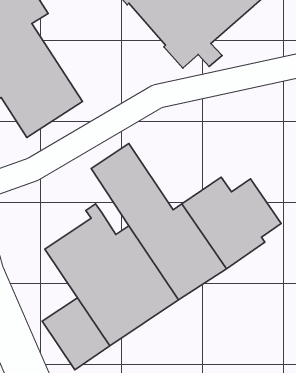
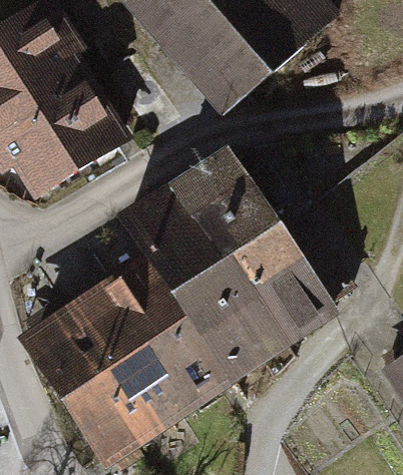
building: none -> [166,159,278,275]
building: none -> [27,304,106,405]

